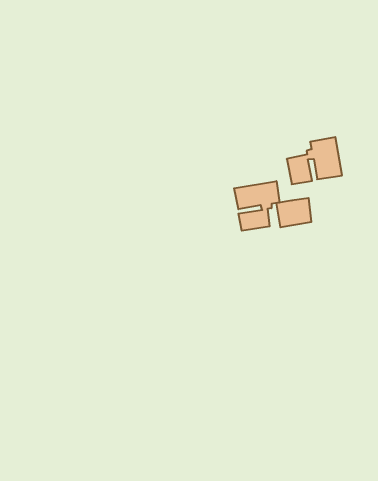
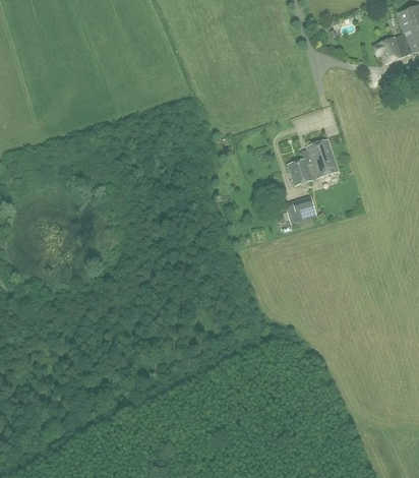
building: [234,181,280,231] -> none

